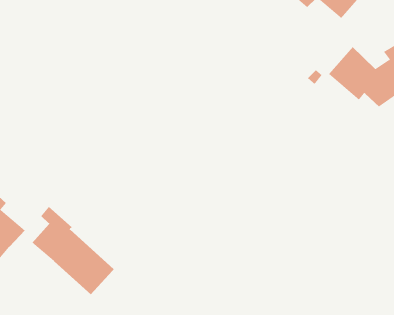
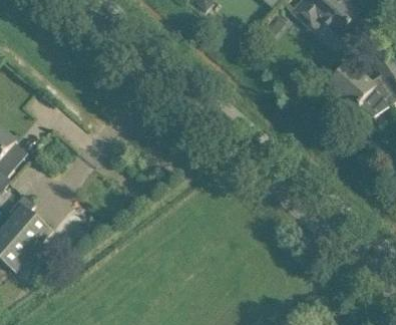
building: [31,206,114,295] -> none

